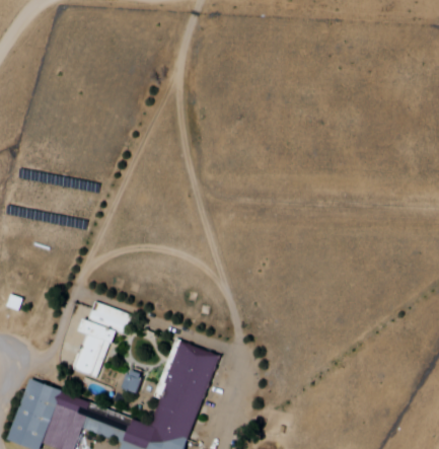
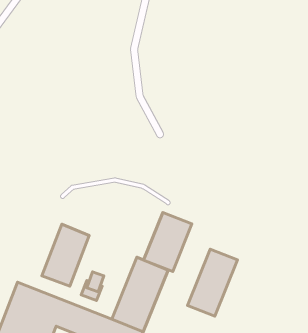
building: none -> [144,212,192,272]
building: none -> [187,249,237,316]

